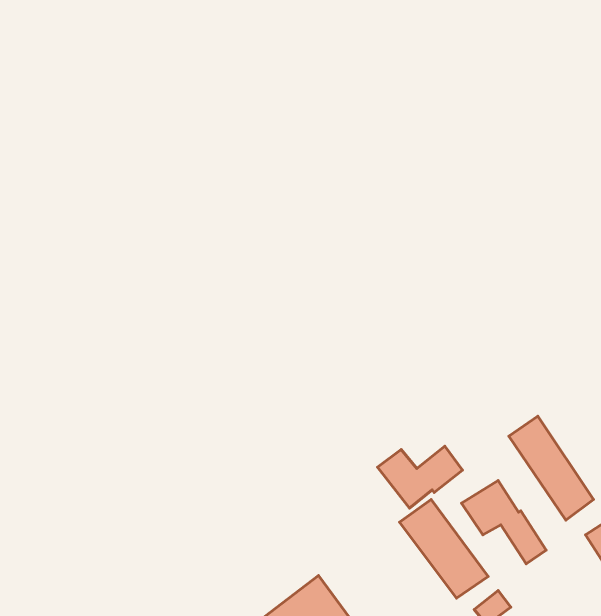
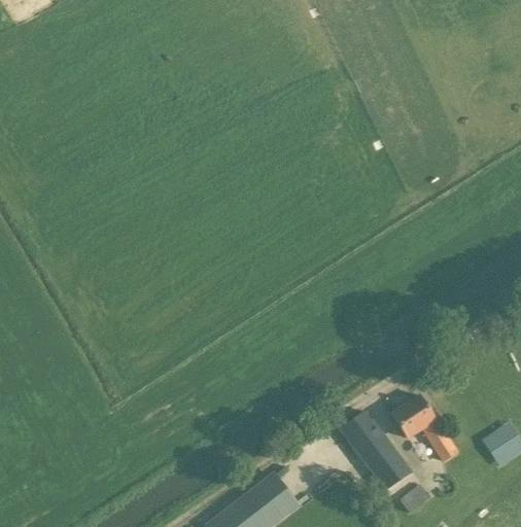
building: [509,416,593,520] -> none
building: [378,446,462,508] -> none

